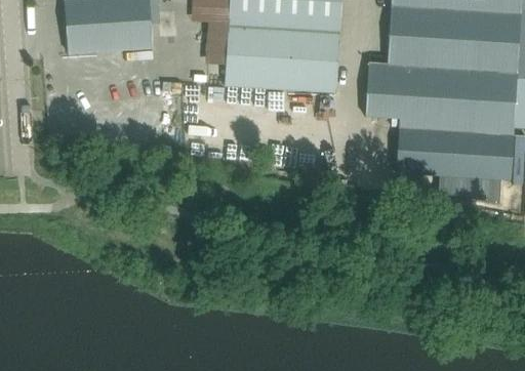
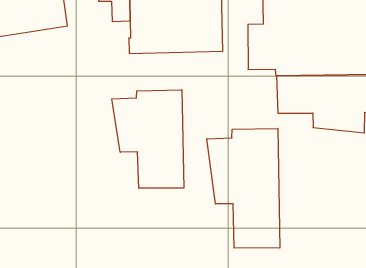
building: none -> [112,90,184,188]
building: none -> [207,128,280,248]

